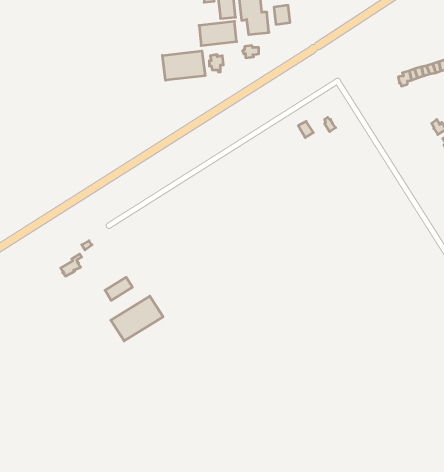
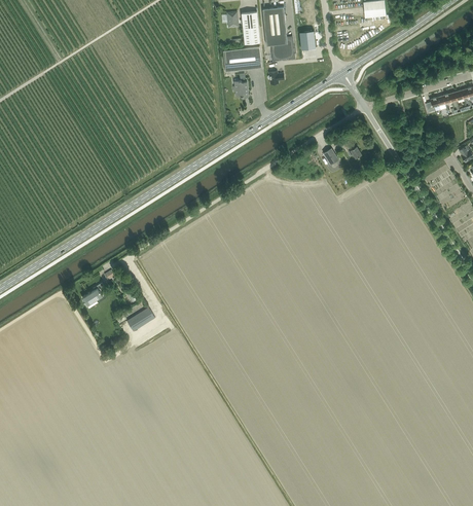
building: [162,51,205,80] -> none
building: [111,296,163,341] -> none

